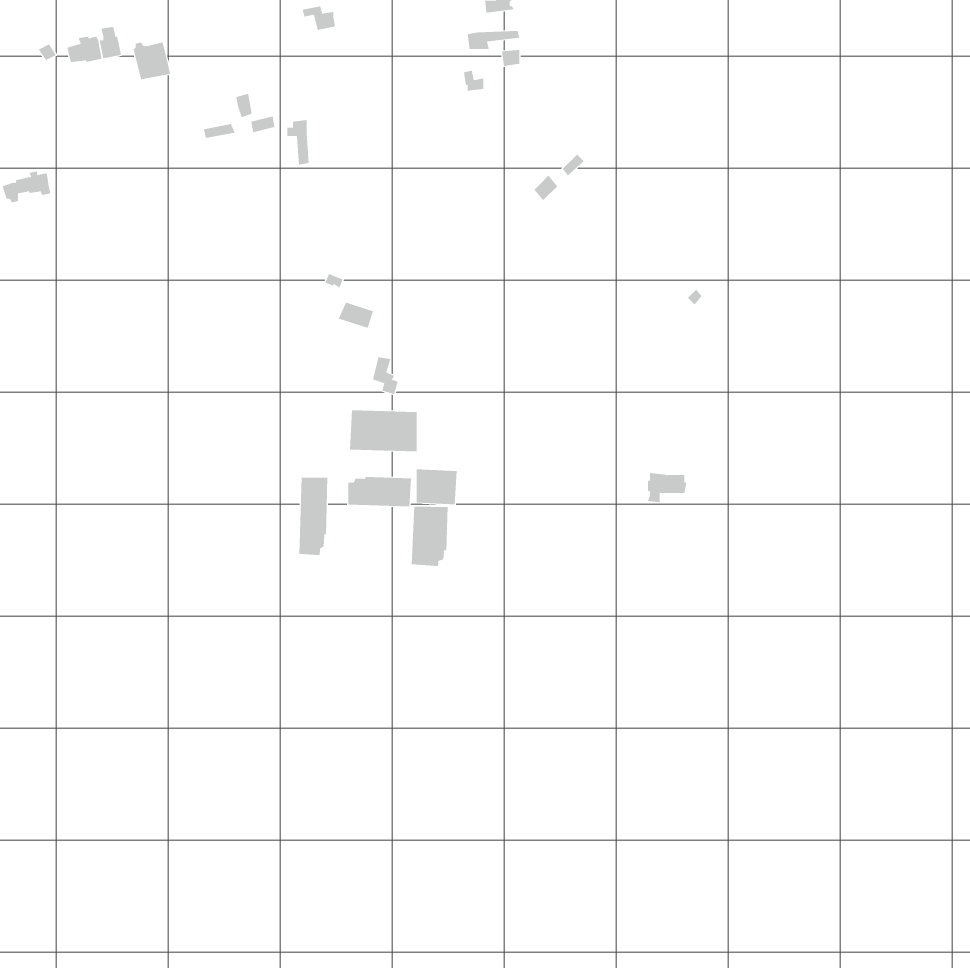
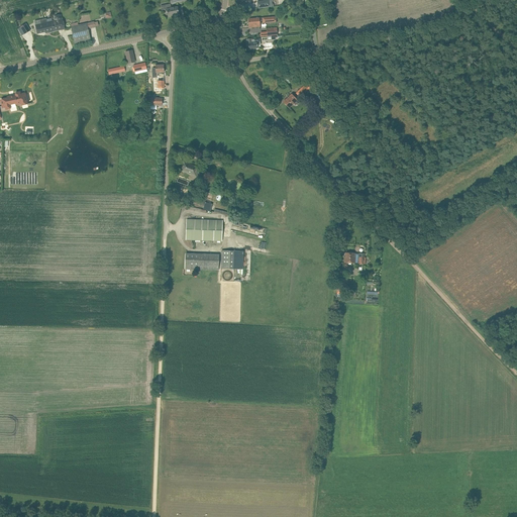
building: [299,477,328,556] -> none
building: [411,506,448,567] -> none

